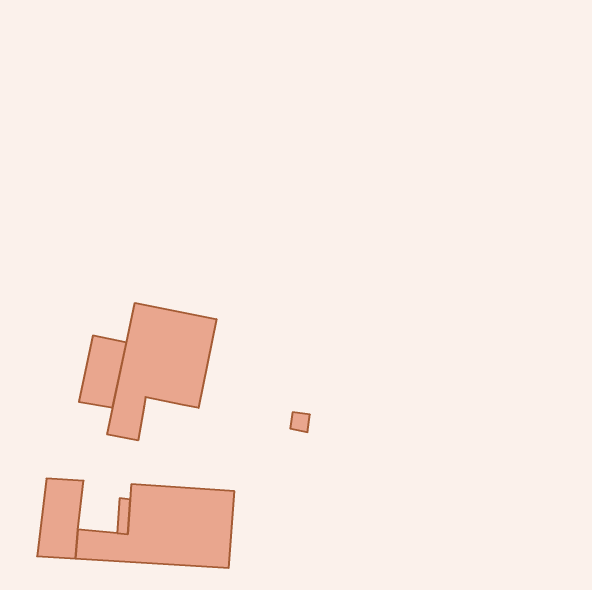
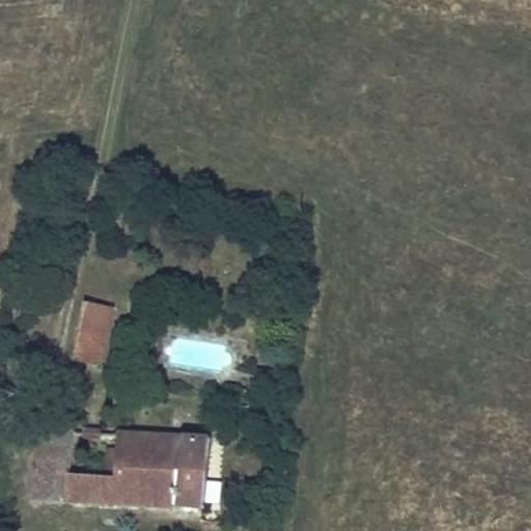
building: [107,303,216,440] -> none

